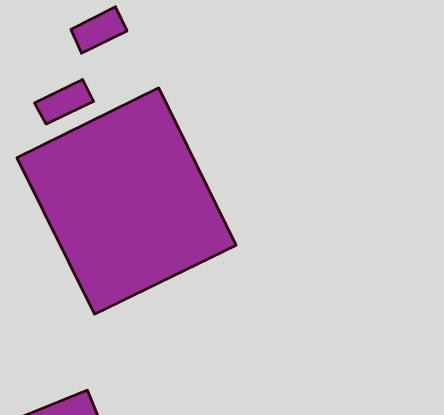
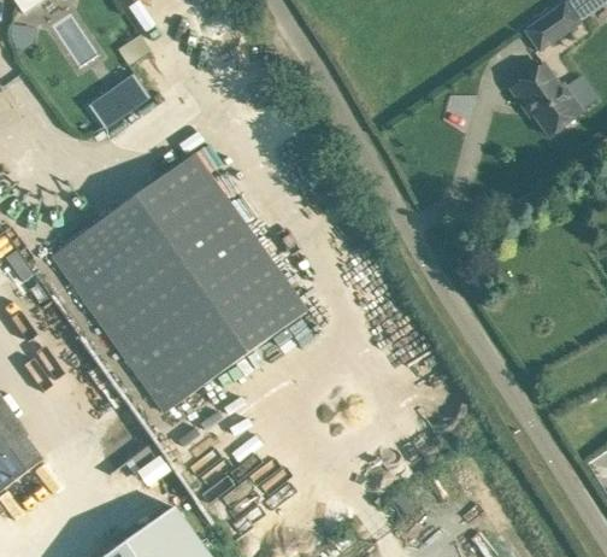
building: [35,79,94,124] -> none

